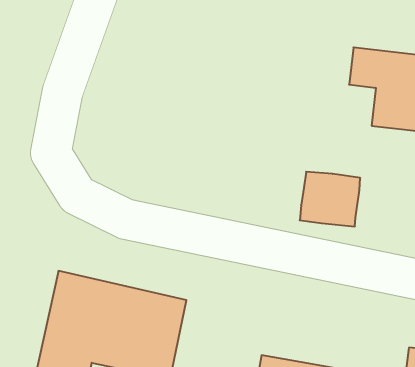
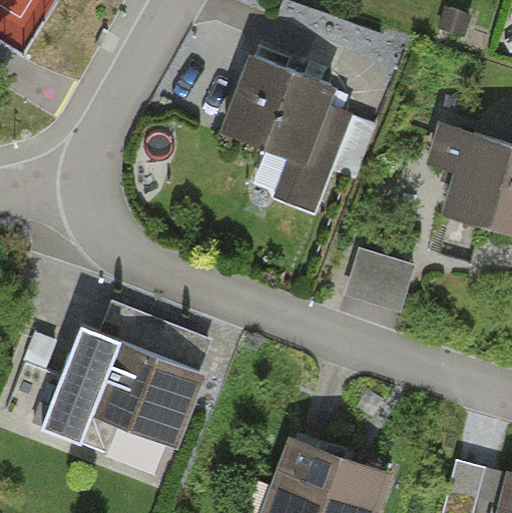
building: none -> [218,63,358,209]

